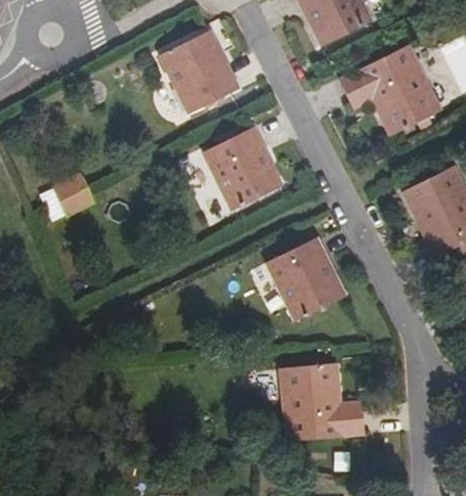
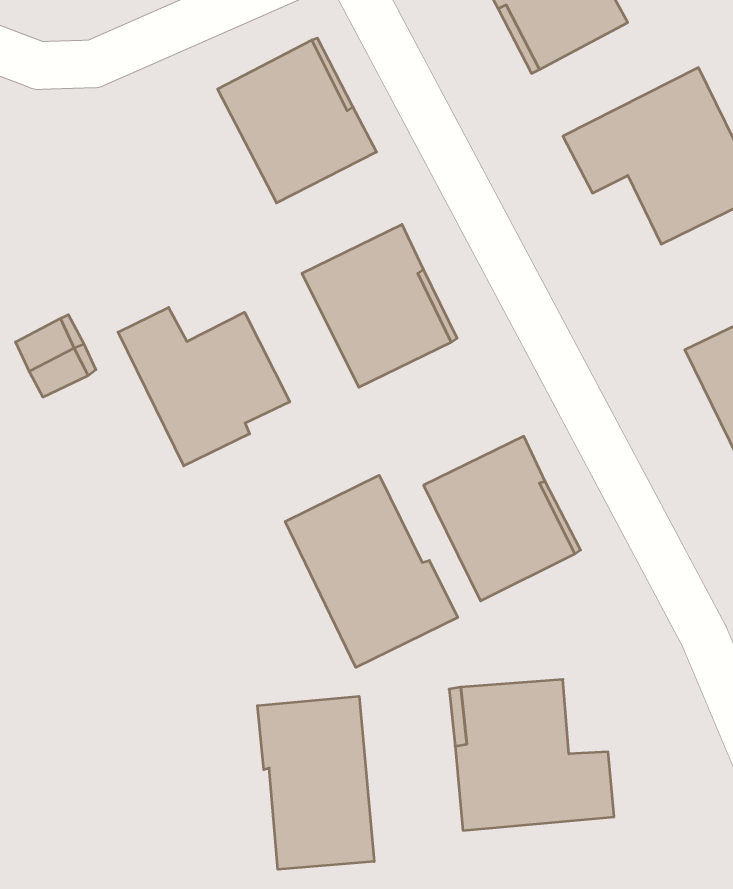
building: none -> [118,307,290,466]
building: none -> [285,475,458,667]
building: none -> [257,696,374,869]

